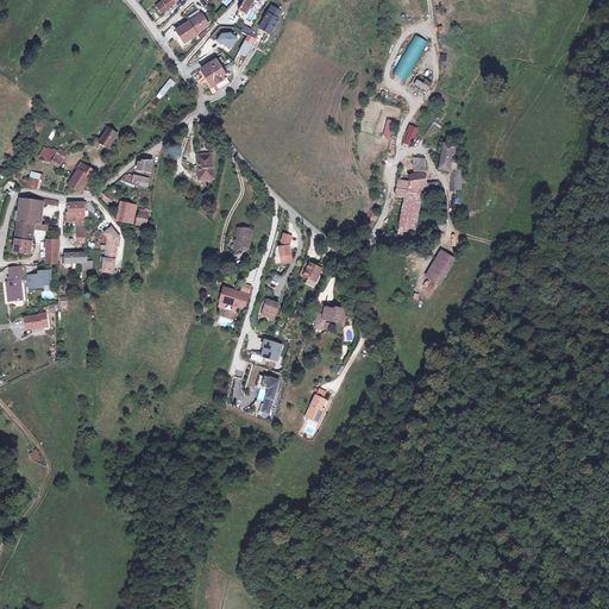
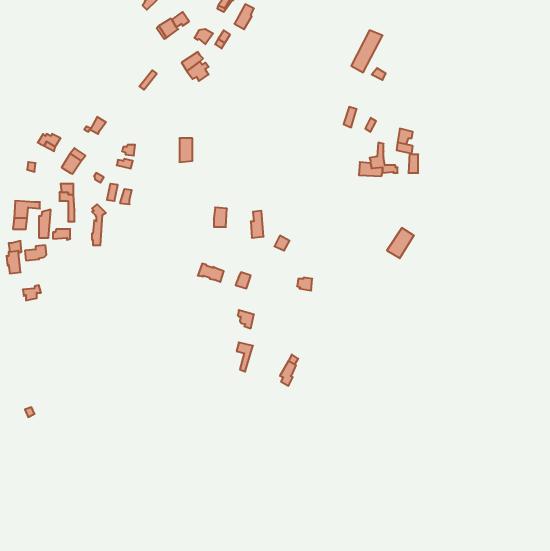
building: [395,193,420,225] -> none
building: [17,199,49,222] -> none

